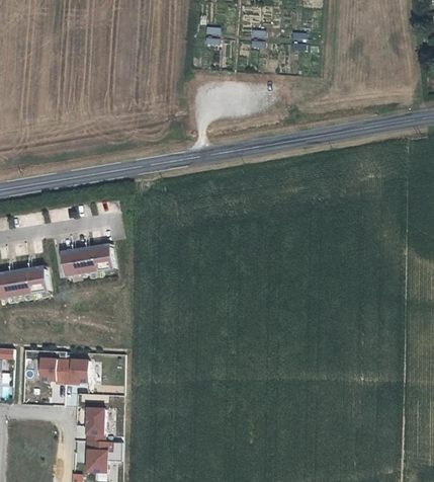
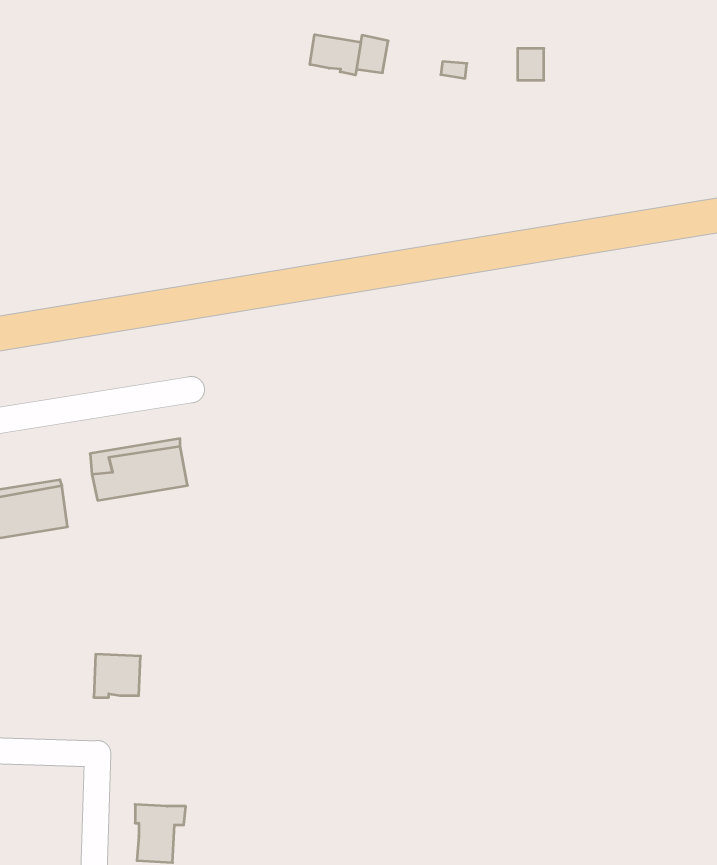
building: none -> [310,35,361,75]
building: [38,358,63,383] -> none
building: [84,408,103,441] -> none

